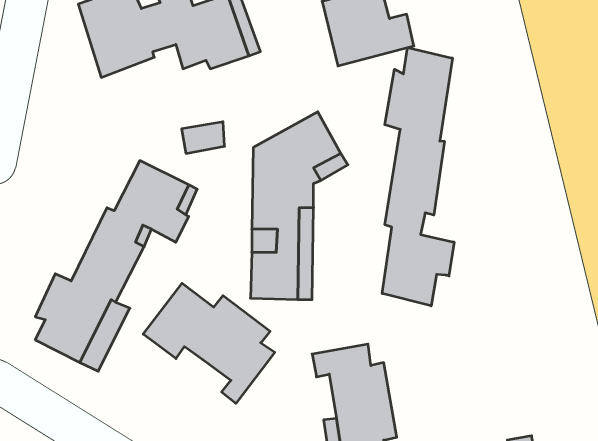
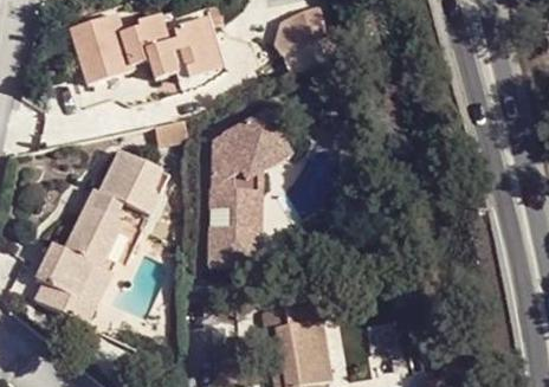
building: [382,48,454,306] -> none
building: [143,283,275,403] -> none

